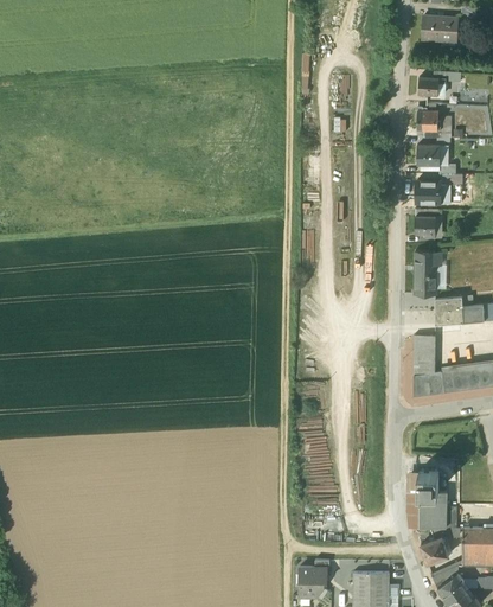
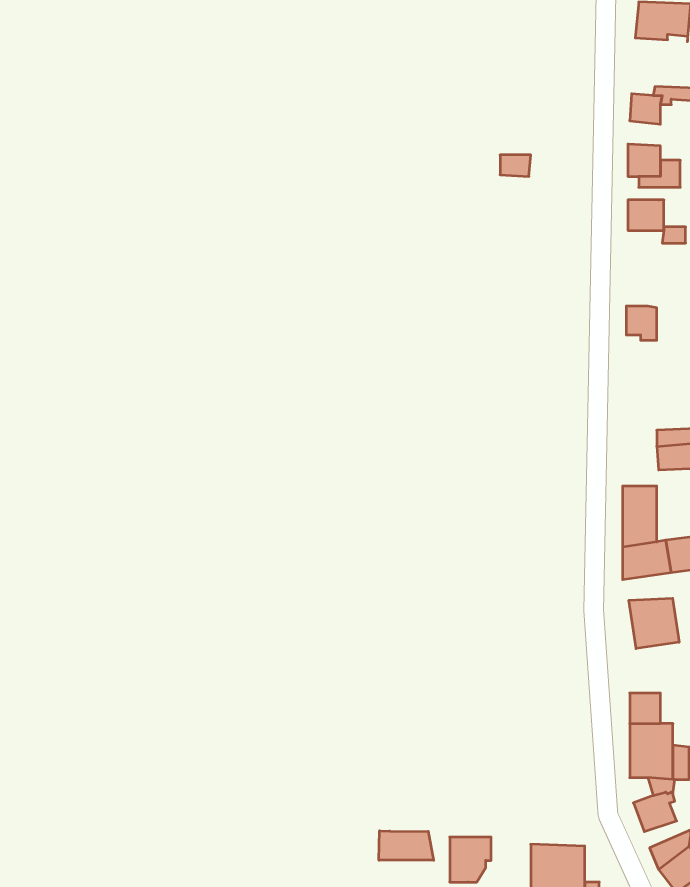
building: [416,180,440,204] -> none
building: [415,253,441,295] -> none
building: none -> [629,598,679,649]
building: none -> [379,831,434,860]

